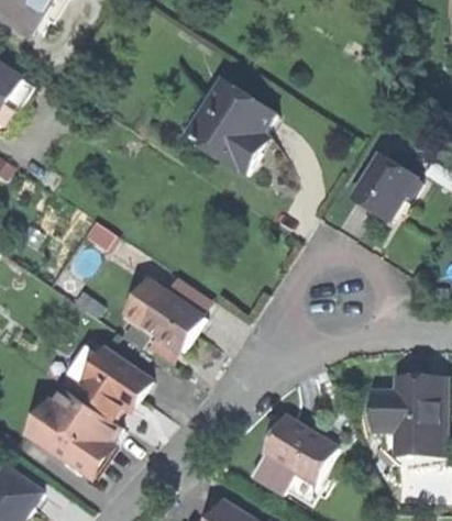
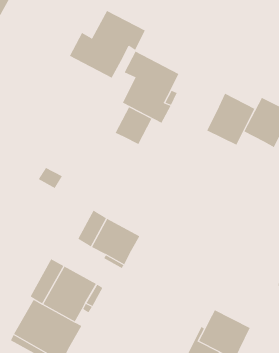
building: none -> [69,10,145,79]
building: none -> [206,93,255,145]
building: none -> [115,106,152,145]

